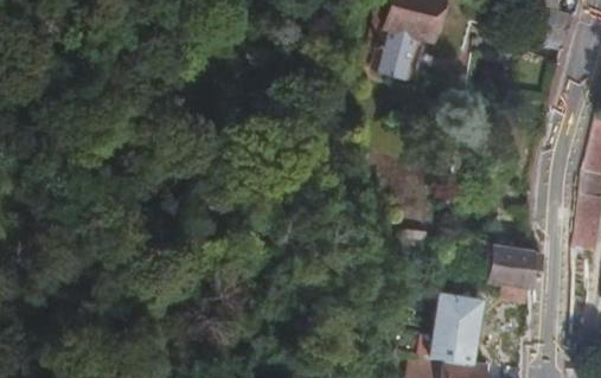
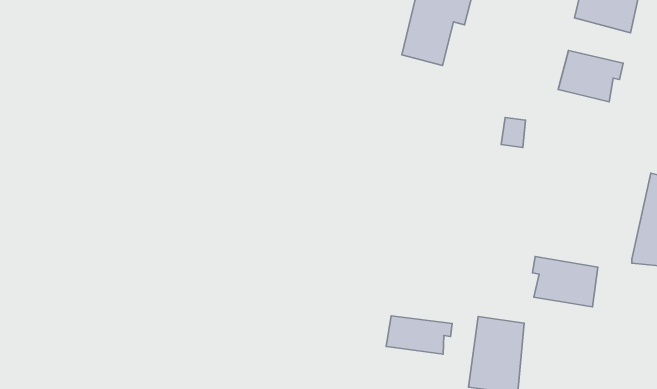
building: none -> [558,51,623,102]
building: none -> [386,316,452,354]

